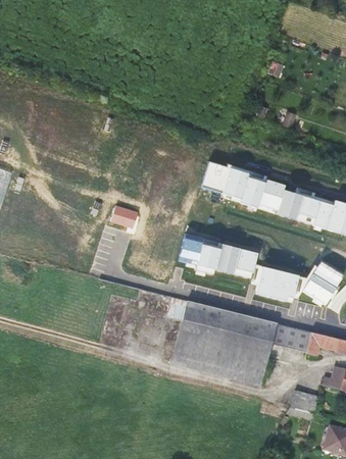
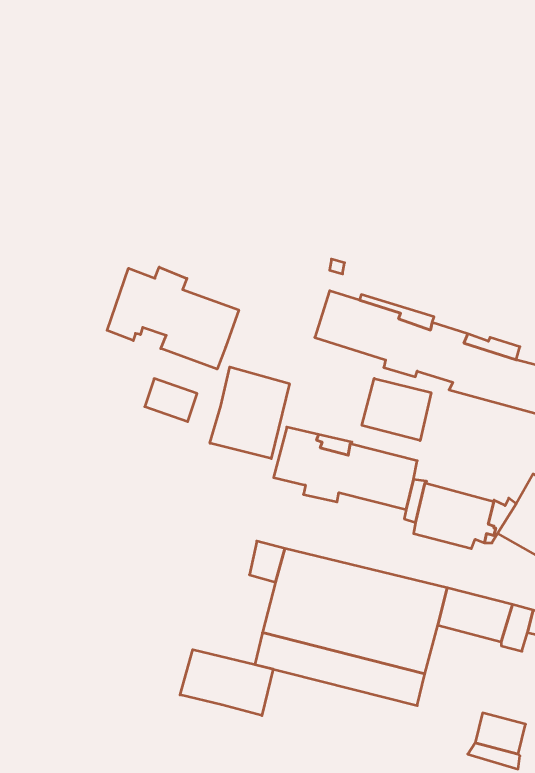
building: none -> [107,267,239,369]
building: none -> [210,367,289,459]
building: none -> [362,378,431,441]
building: none -> [180,650,273,716]

